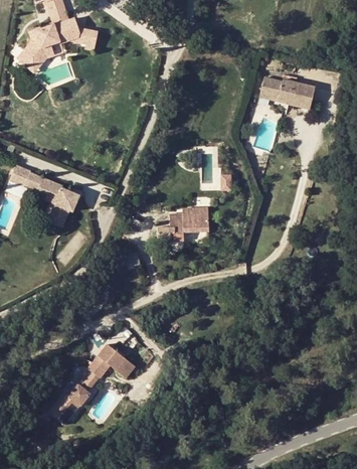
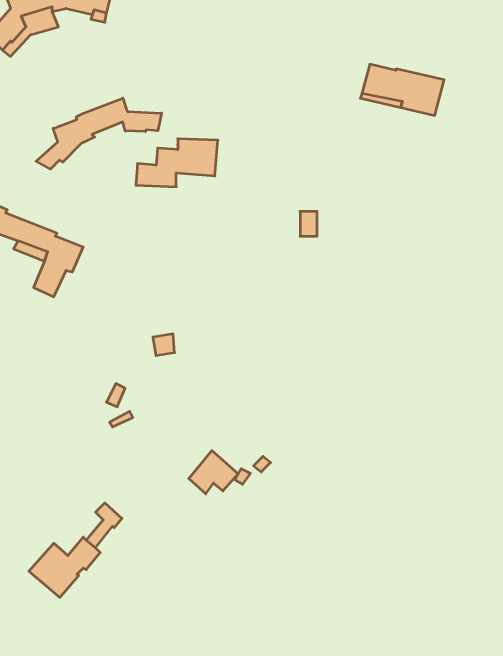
building: none -> [36,98,162,169]
building: [157,209,210,241] -> [136,139,218,187]
building: [94,342,126,370] -> [189,451,238,494]

